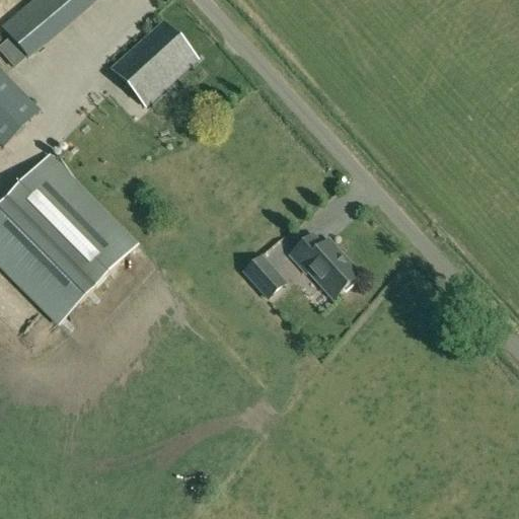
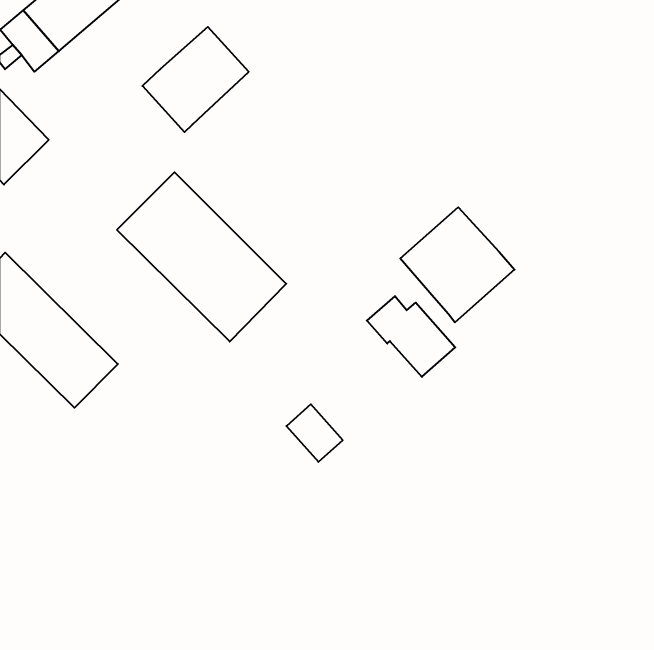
building: [4,154,138,288] -> [117,172,286,342]
building: none -> [400,207,515,322]
building: [242,253,287,299] -> [286,404,343,462]

